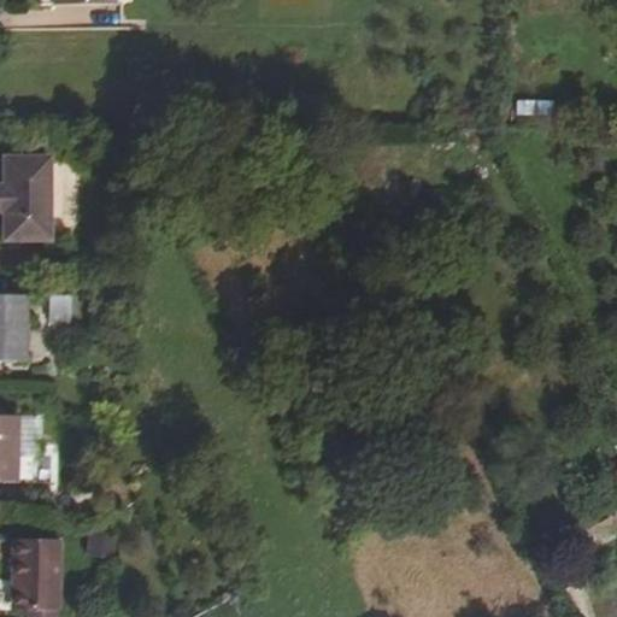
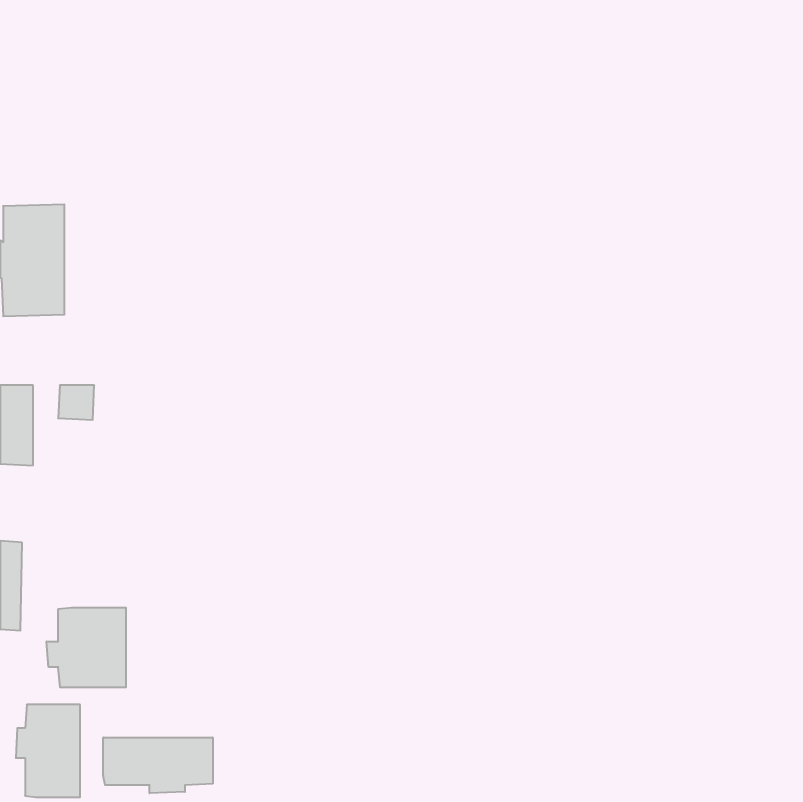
building: none -> [47,608,126,687]
building: none -> [103,737,213,793]

